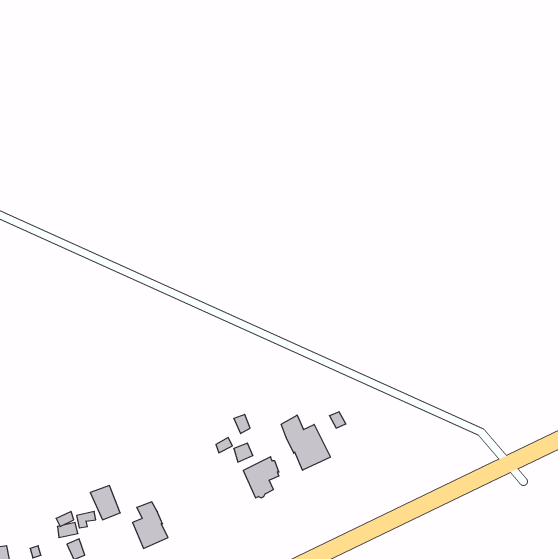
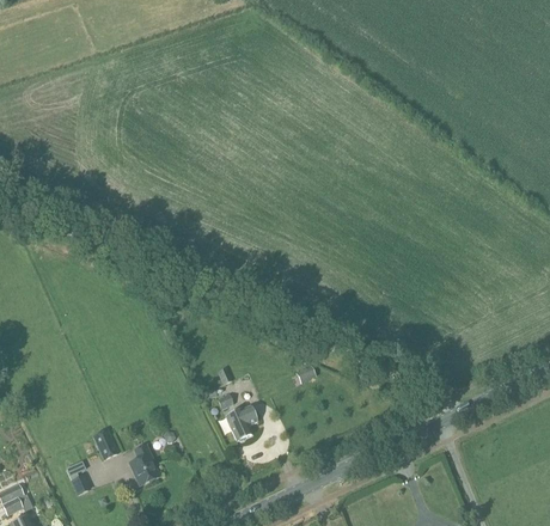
building: [281,415,330,470] -> none

